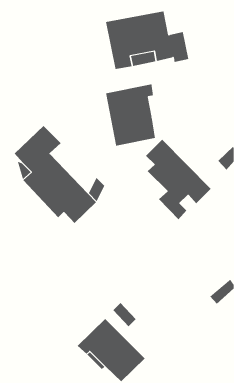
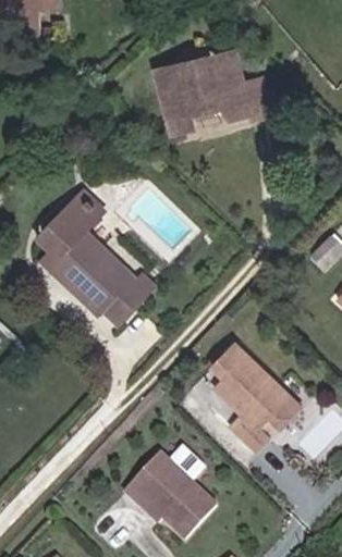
building: [106,83,155,147] -> none
building: [145,139,212,220] -> [216,336,305,446]

